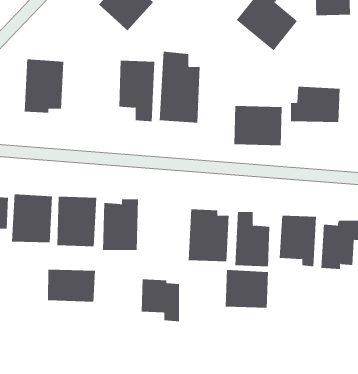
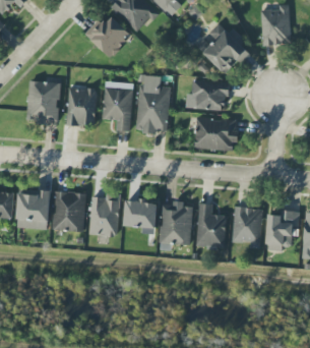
building: none -> [66,88,96,126]
building: [290,86,341,123] -> [186,80,227,110]
building: [47,269,96,302] -> none
building: [225,269,269,308] -> none
building: [141,279,180,322] -> [124,199,156,234]

